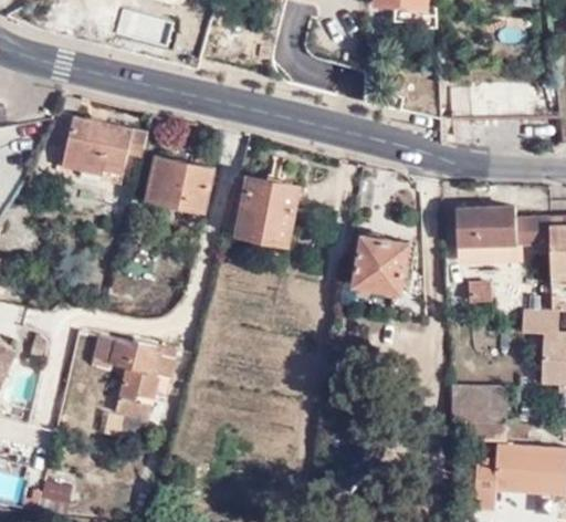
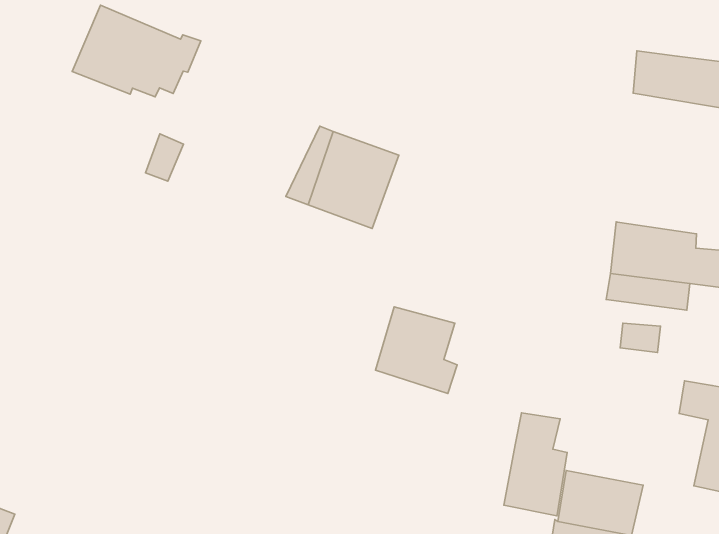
building: [146,156,213,212] -> none
building: [357,237,413,291] -> [376,307,457,393]
building: [97,340,174,422] -> none
building: none -> [504,413,567,516]

